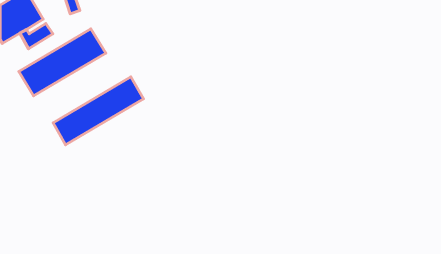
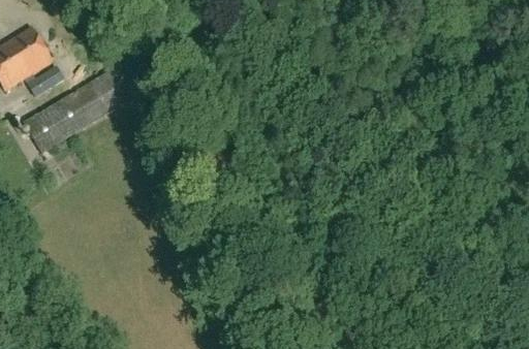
building: [53,77,143,145] -> none

